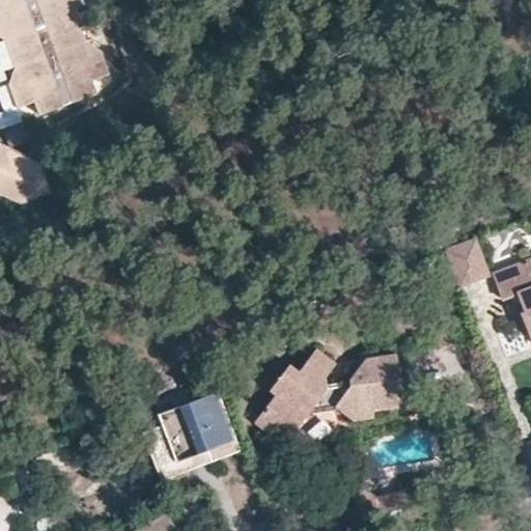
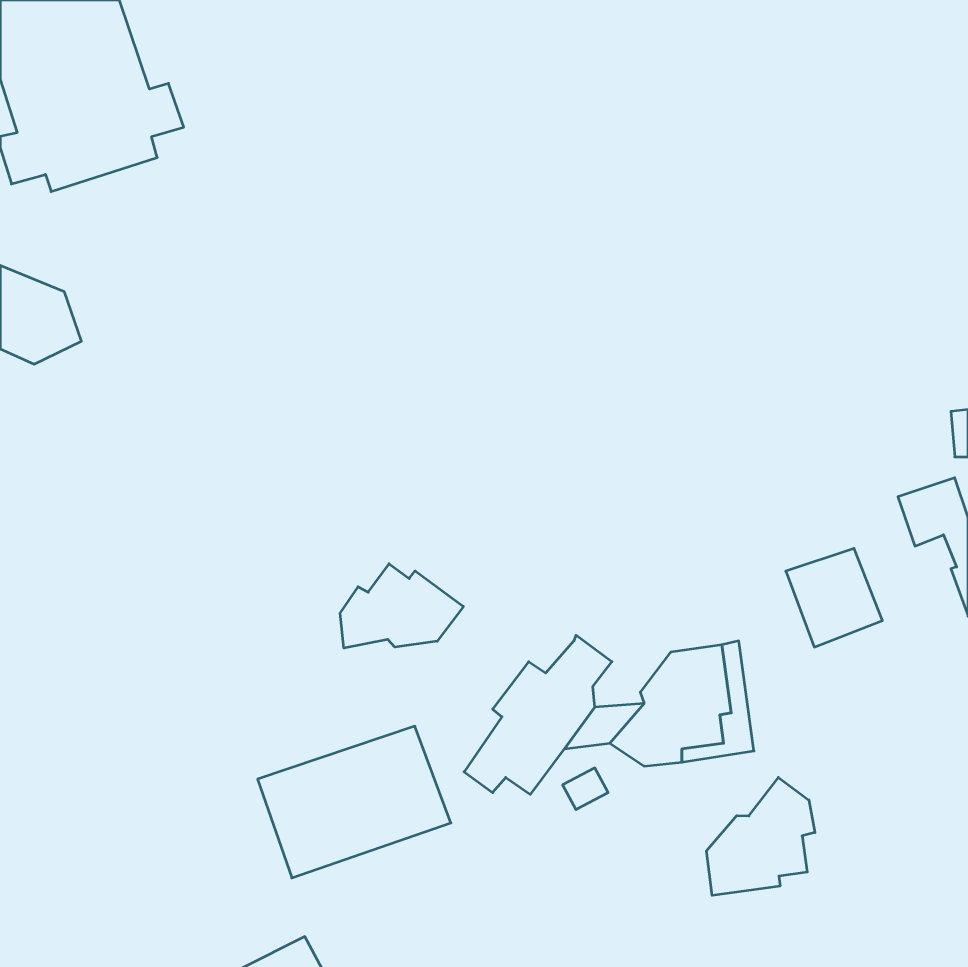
building: [439,233,492,287] -> [786,548,882,647]
building: none -> [340,564,463,648]
building: none -> [706,777,815,895]

